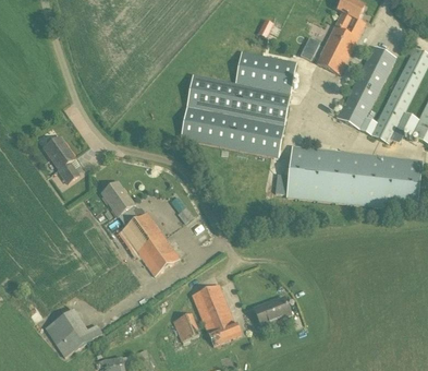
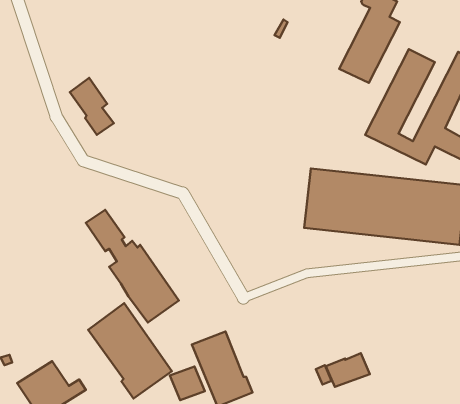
building: [180,51,296,157] -> none
building: [44,136,81,184] -> [70,78,114,135]
building: none -> [88,303,172,398]
building: [254,297,291,325] -> [326,353,370,387]

